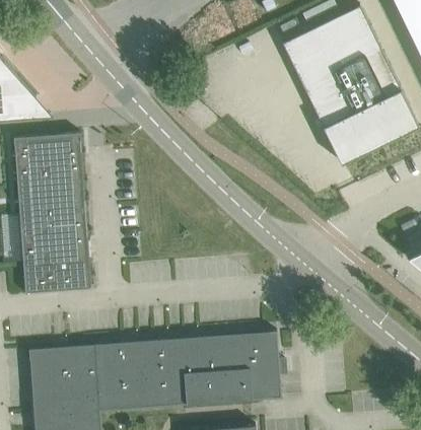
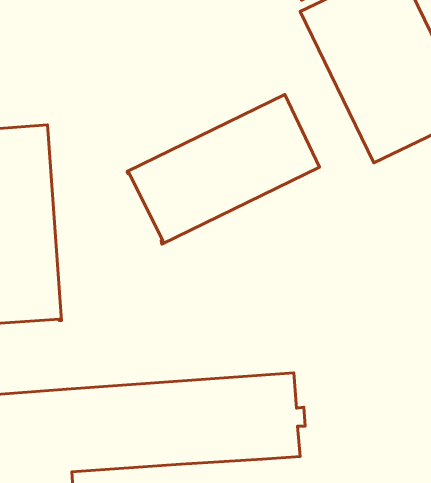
building: none -> [127,95,320,244]

